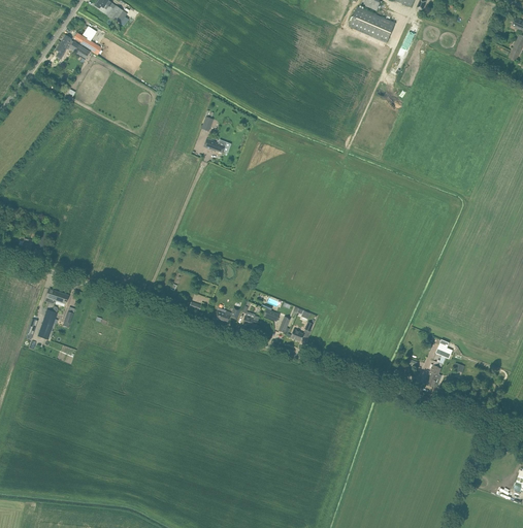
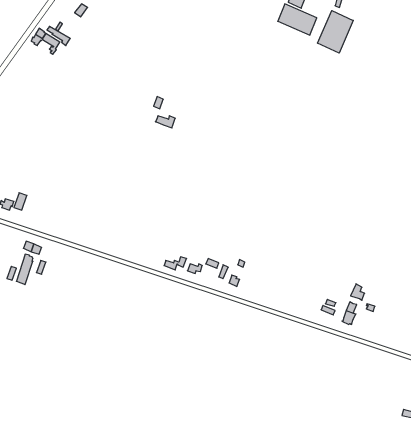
building: none -> [318,11,353,53]

